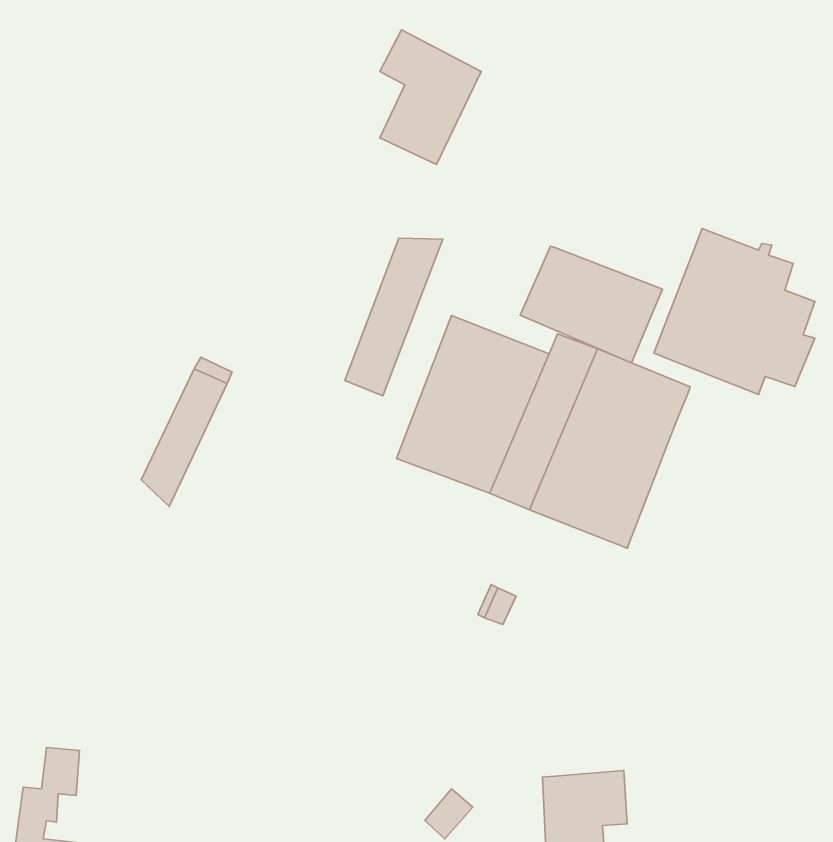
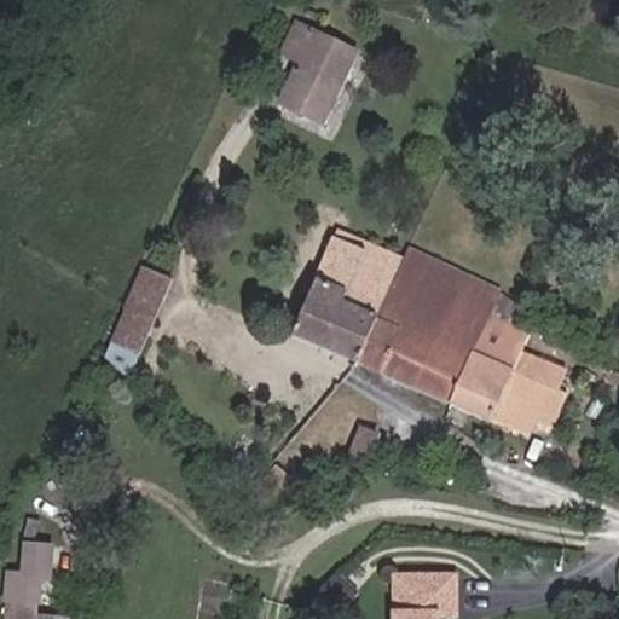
building: [654,229,815,395] -> [457,313,574,434]
building: [345,238,443,396] -> none
building: [520,246,663,363] -> none

